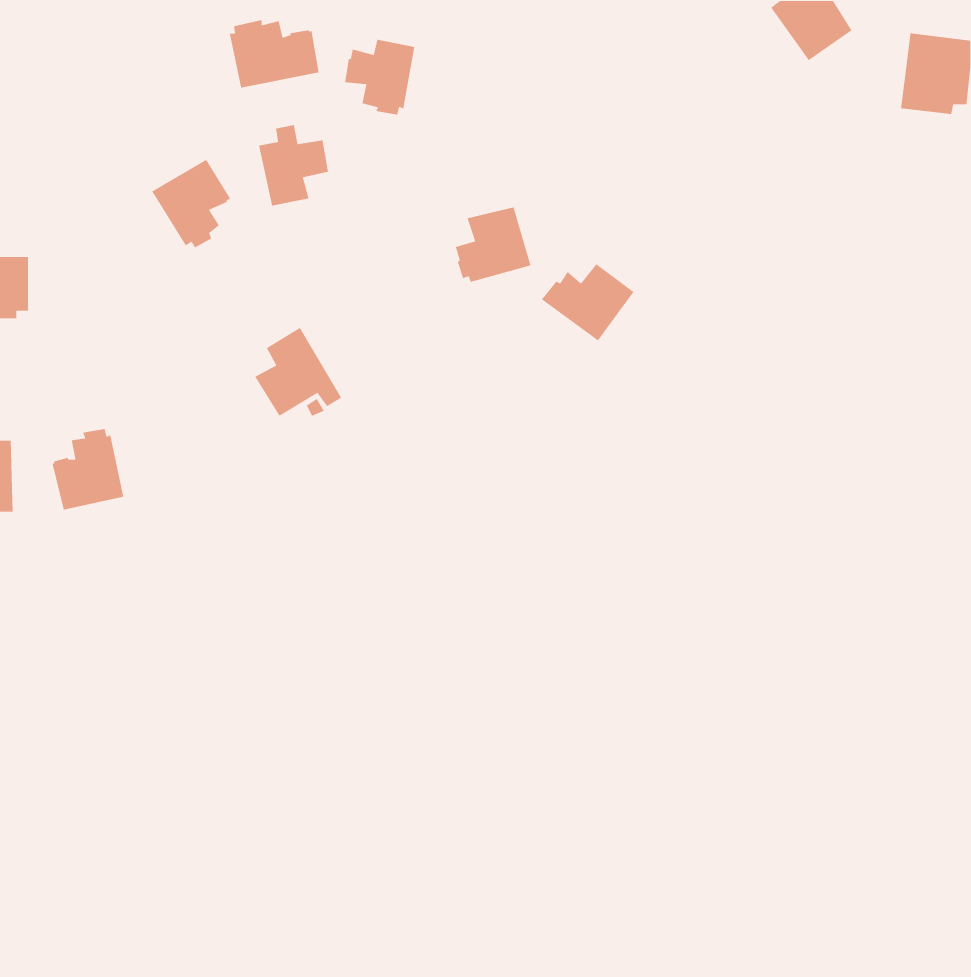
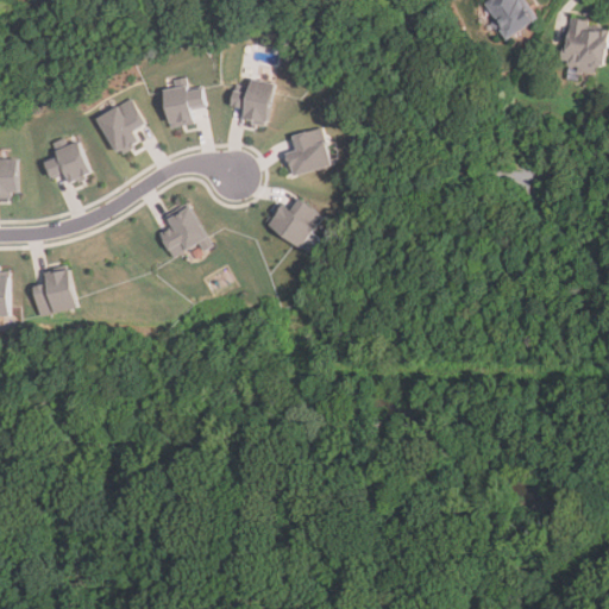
building: [229,19,319,89] -> none
building: [344,39,415,115] -> [228,80,272,127]
building: none -> [44,138,92,184]
building: [541,263,634,342] -> [263,200,321,249]

